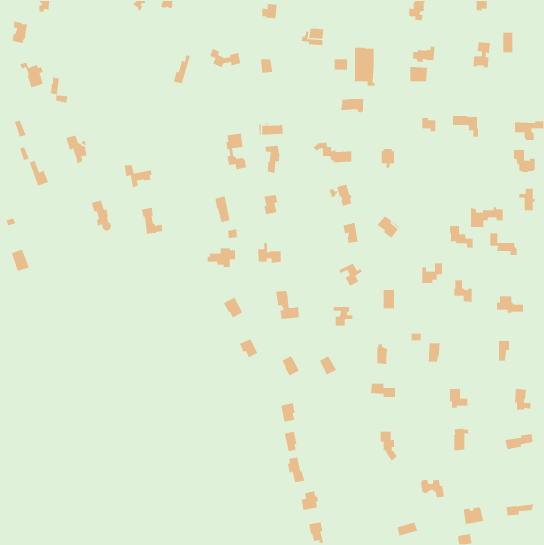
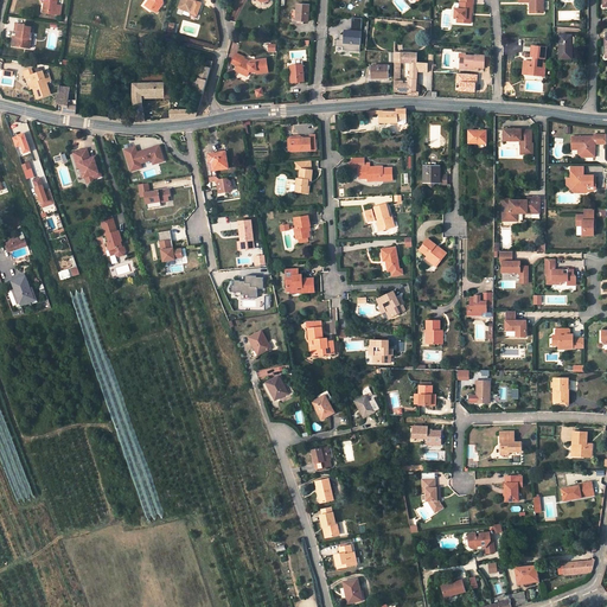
building: none -> [133,83,171,122]
building: none -> [123,145,164,171]
building: [225,133,247,170] -> [206,152,230,193]
building: [470,206,503,228] -> [501,196,538,219]

